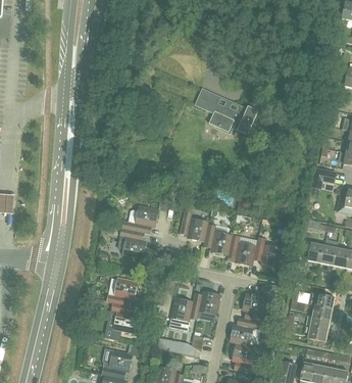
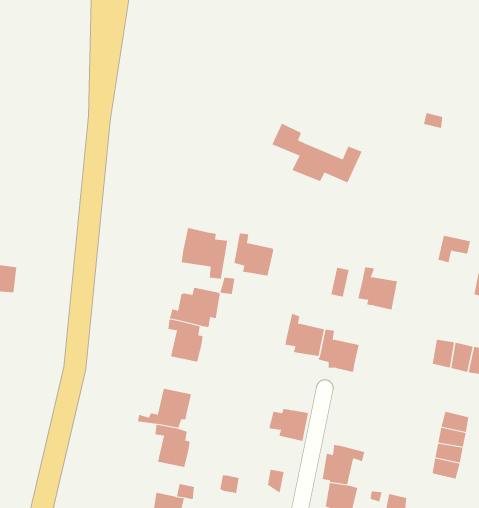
building: none -> [181,227,228,280]
building: [180,209,208,240] -> [233,233,274,276]
building: [253,236,282,267] -> [357,267,398,310]
building: [242,291,267,322] -> none
building: [171,296,200,320] -> none

